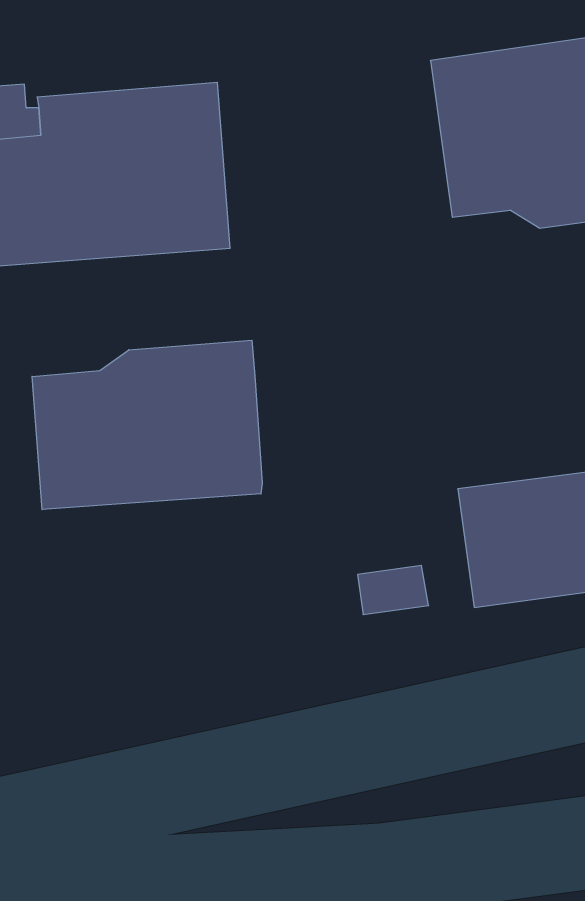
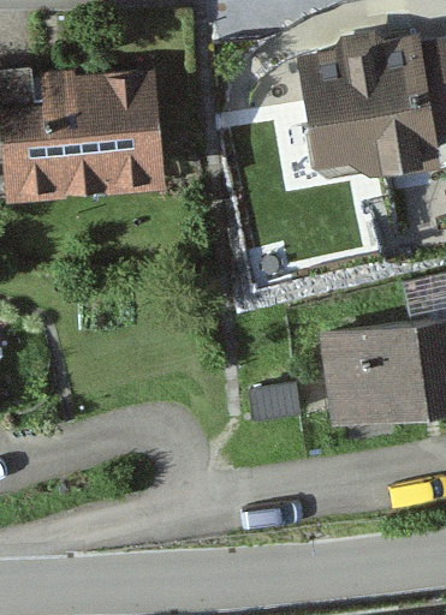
building: [32,340,262,510] -> none

